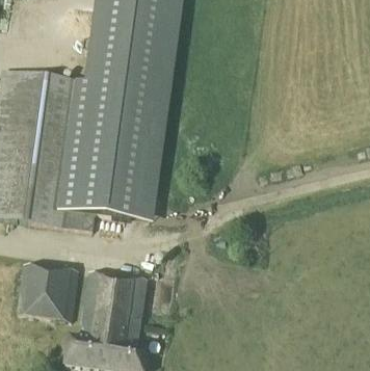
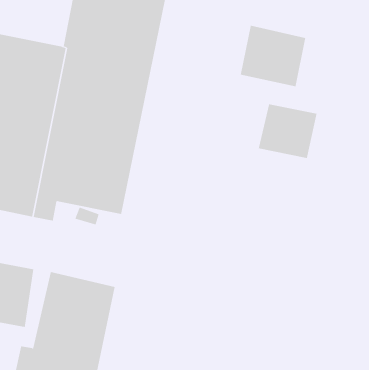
building: none -> [240,25,306,87]
building: none -> [258,103,317,159]

